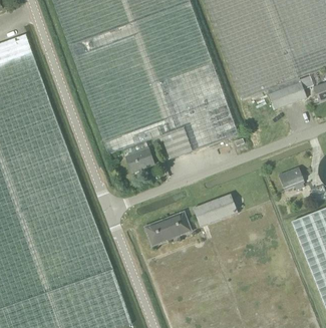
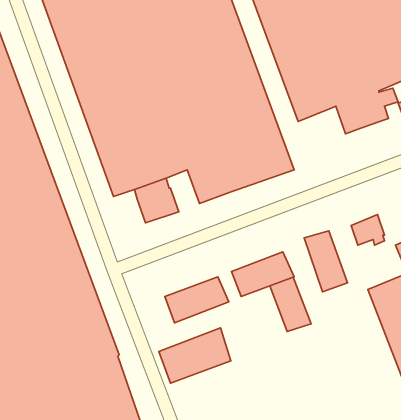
building: none -> [304,231,347,292]
building: none -> [270,277,311,331]
building: none -> [159,328,231,383]

